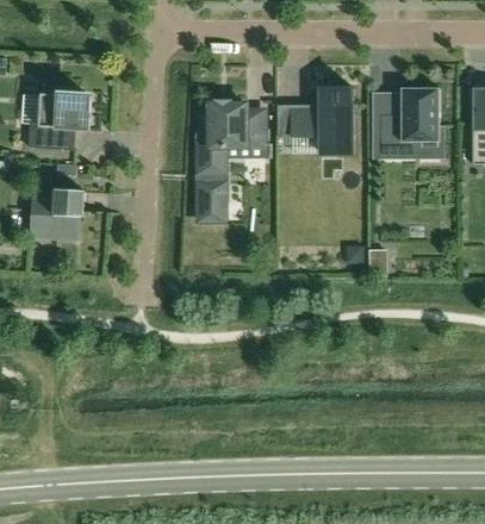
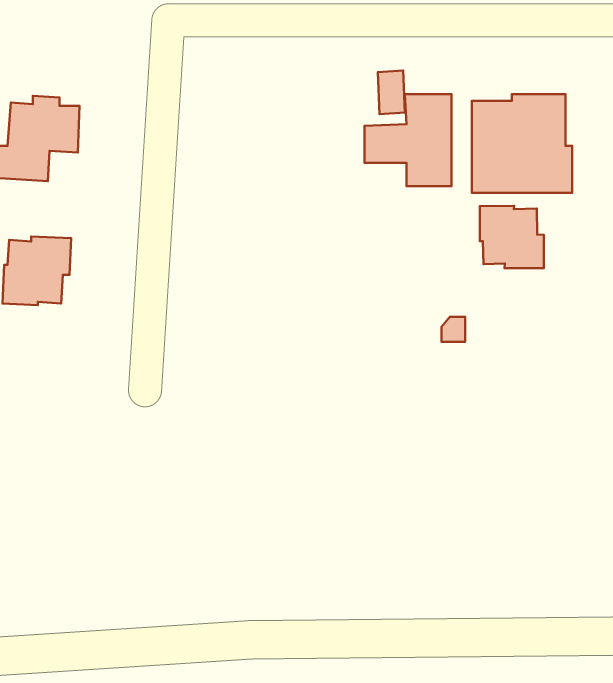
building: [199,102,265,220] -> none
building: none -> [480,206,544,268]

